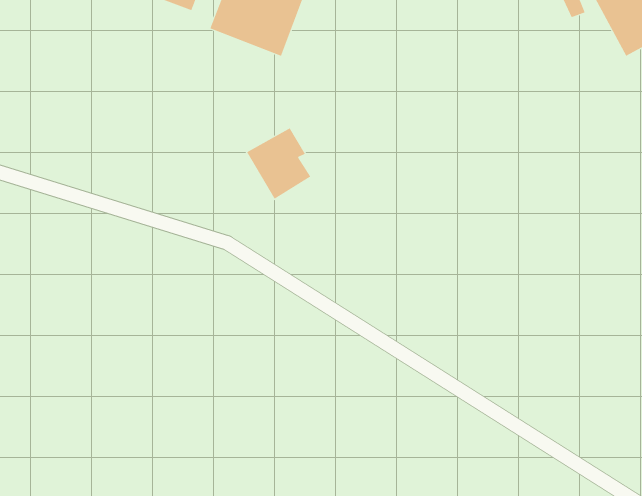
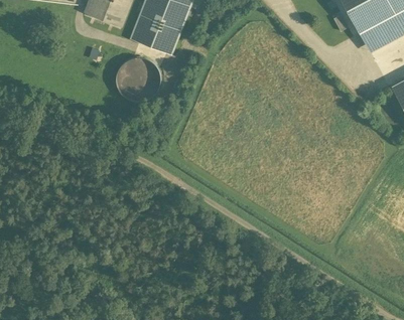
building: [246,127,311,199] -> [118,54,155,96]

